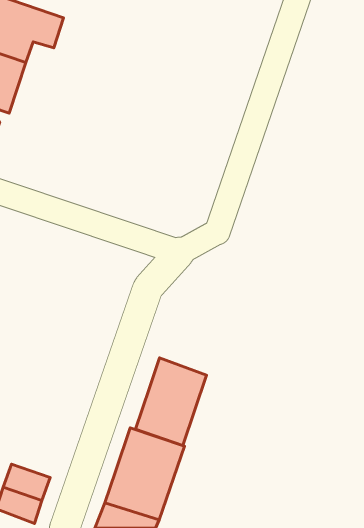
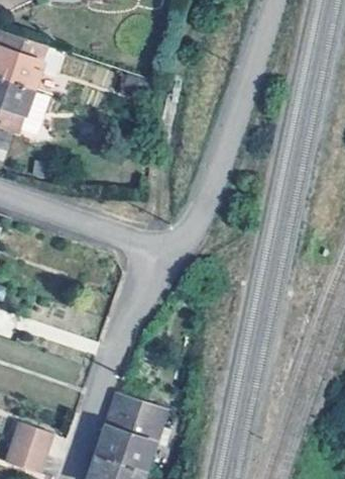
building: [135,358,206,445] -> none

